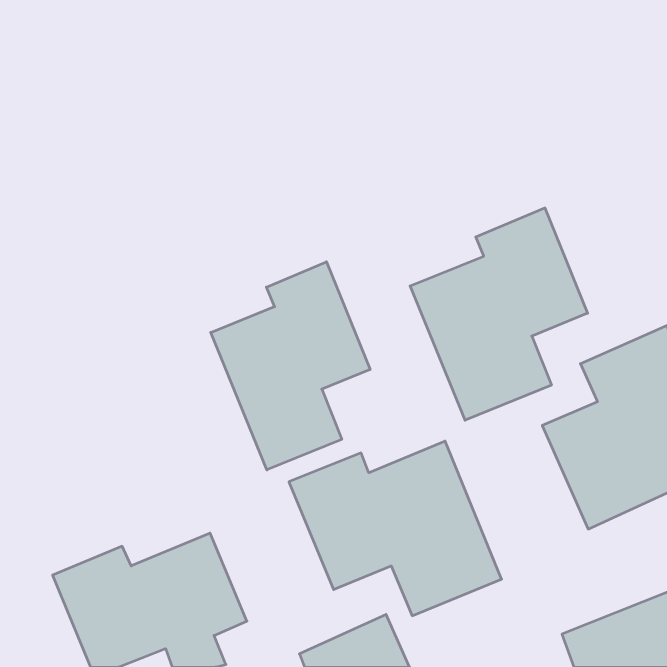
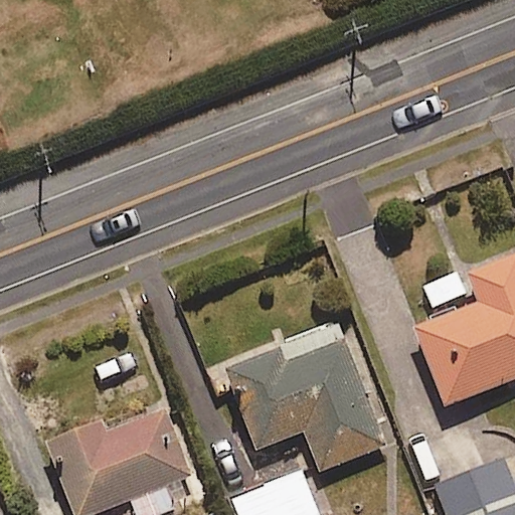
building: [410,208,588,420] -> none
building: [211,262,370,470] -> none

